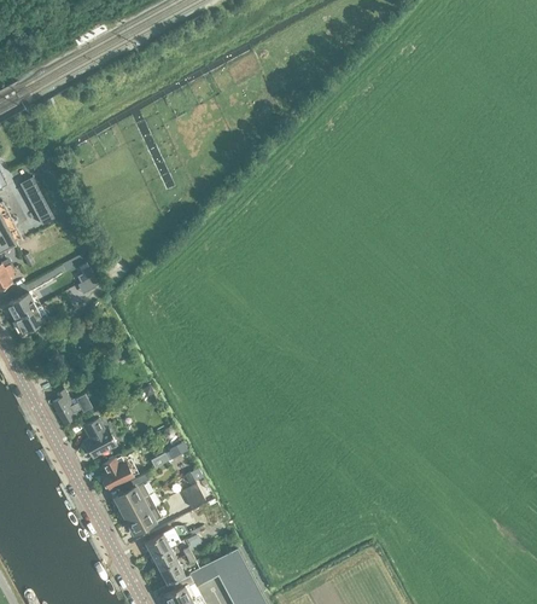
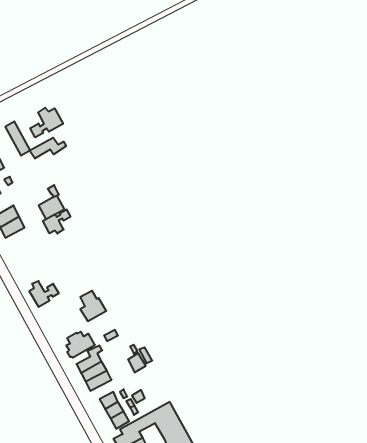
building: none -> [30,108,63,137]
building: none -> [29,138,66,159]
building: none -> [43,209,70,234]
building: [82,418,116,458] -> [80,291,106,321]

